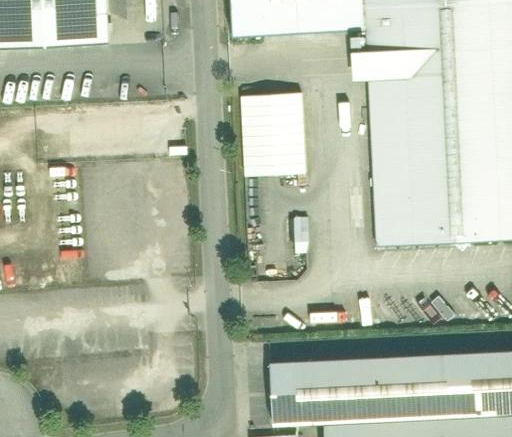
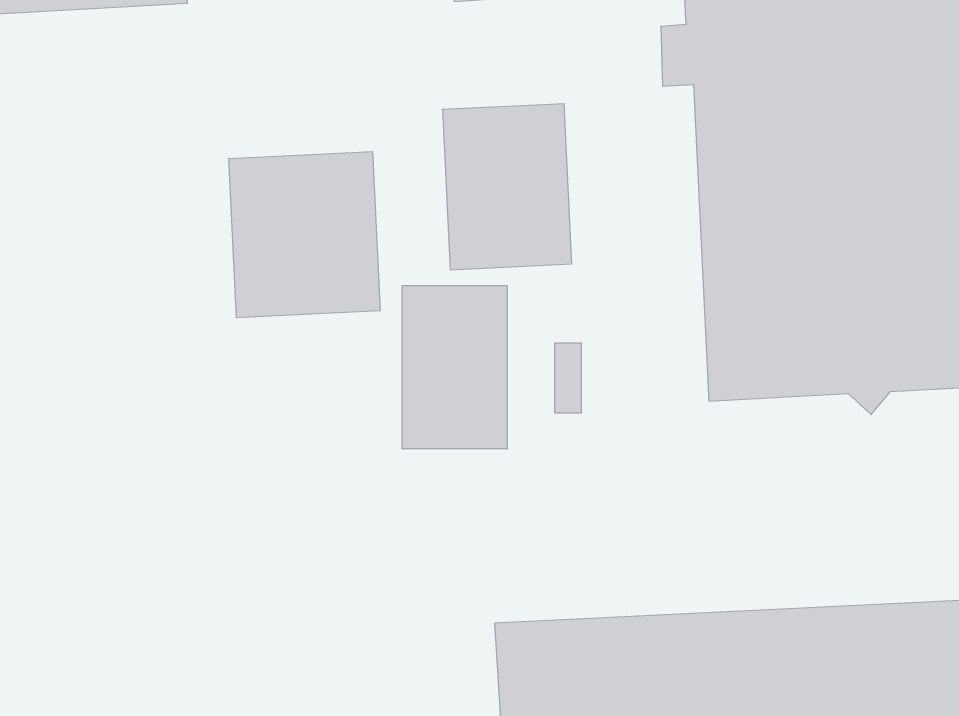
building: none -> [229,151,380,318]
building: none -> [402,286,507,449]

